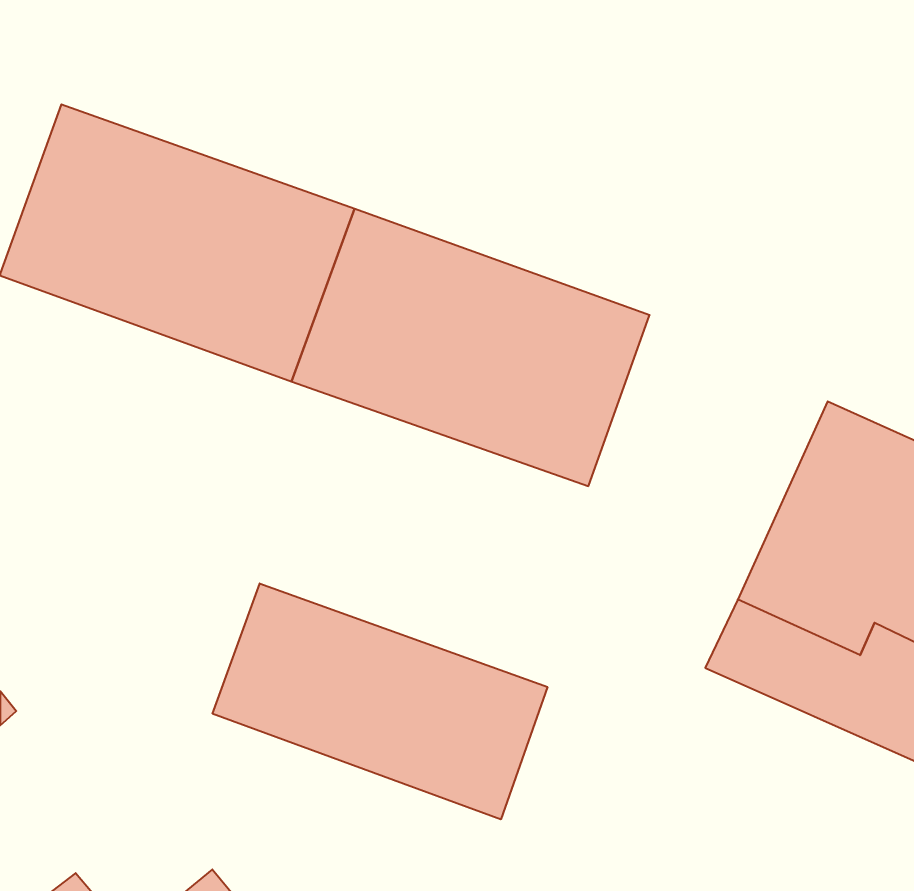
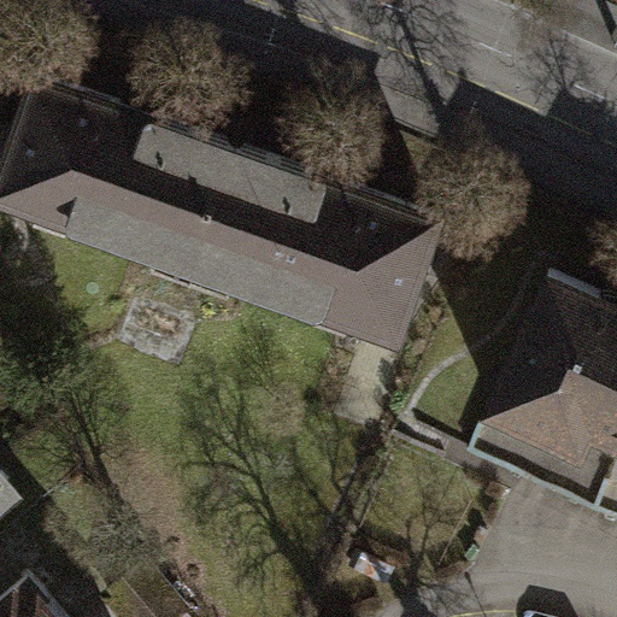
building: [213,583,547,819] -> none

